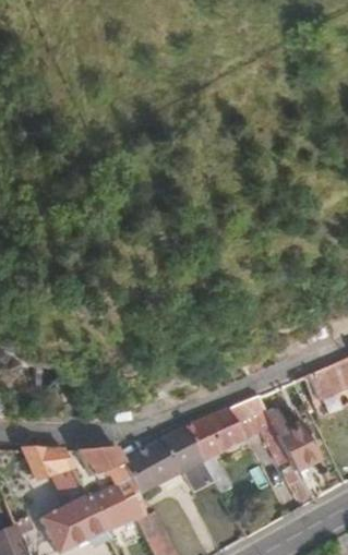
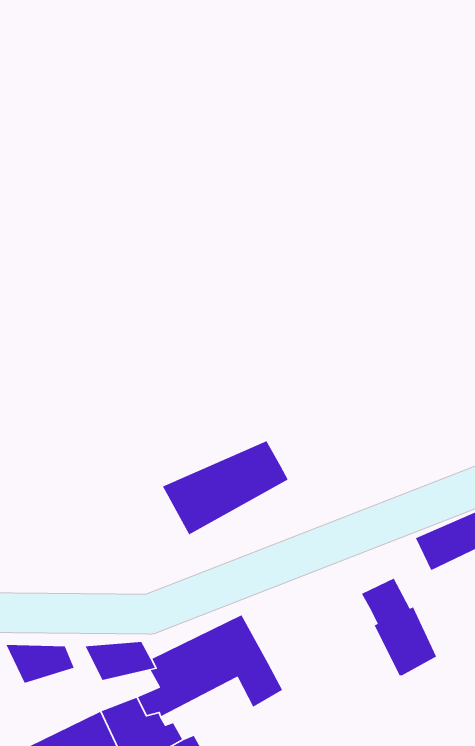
building: [185,397,273,462] -> [162,440,289,535]

